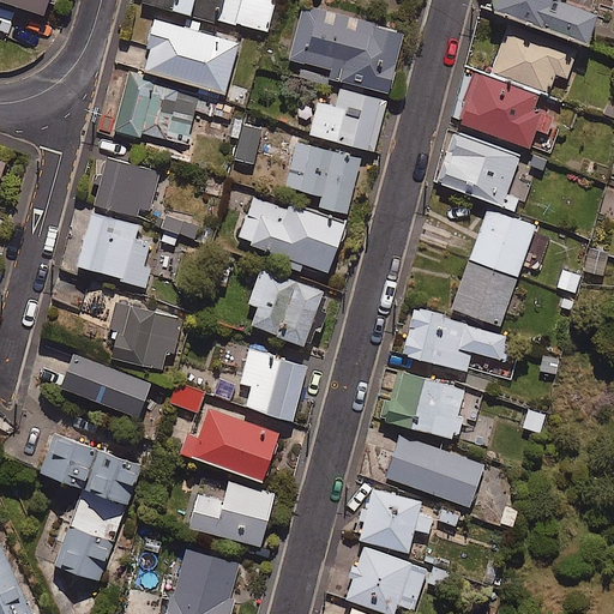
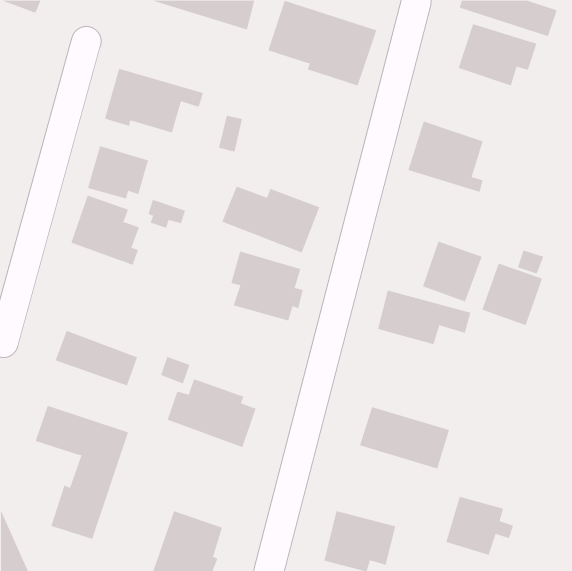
building: [143,18,237,94] -> none
building: [458,72,555,155] -> none
building: [308,88,385,151] -> none
building: [285,142,360,213] -> none
building: [469,209,535,276] -> [481,263,543,326]
building: [103,302,182,368] -> none
building: [239,347,307,420] -> none
building: [379,369,482,439] -> none
building: [186,481,273,547] -> none
building: [359,488,432,552] -> [446,496,514,556]

